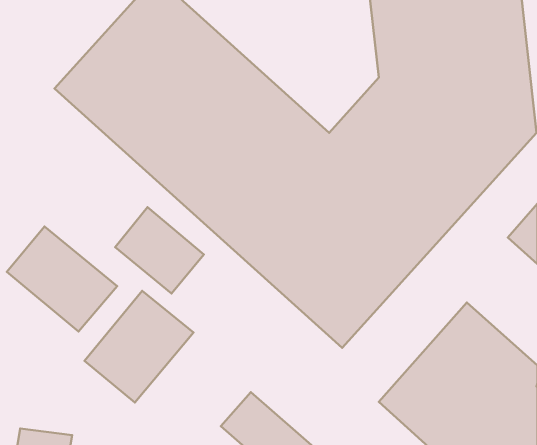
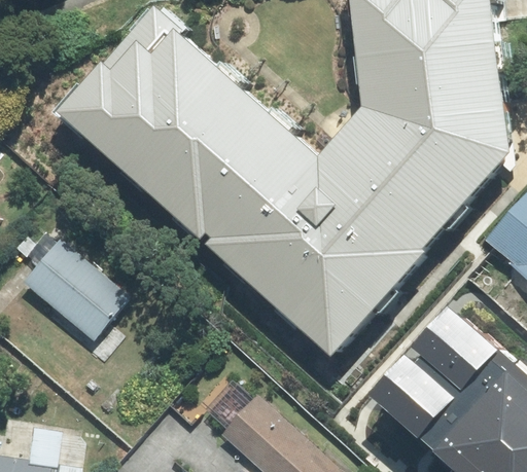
building: [115,207,204,294] -> none
building: [85,291,194,402] -> none

